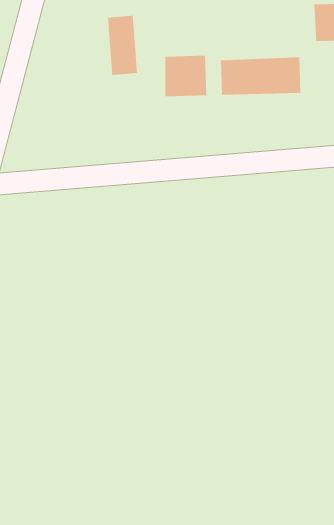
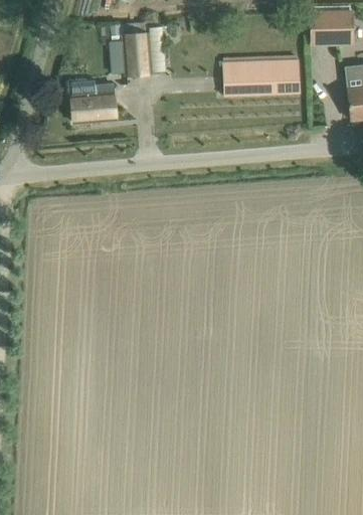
building: [165,55,207,97] -> none
building: none -> [70,84,115,123]

